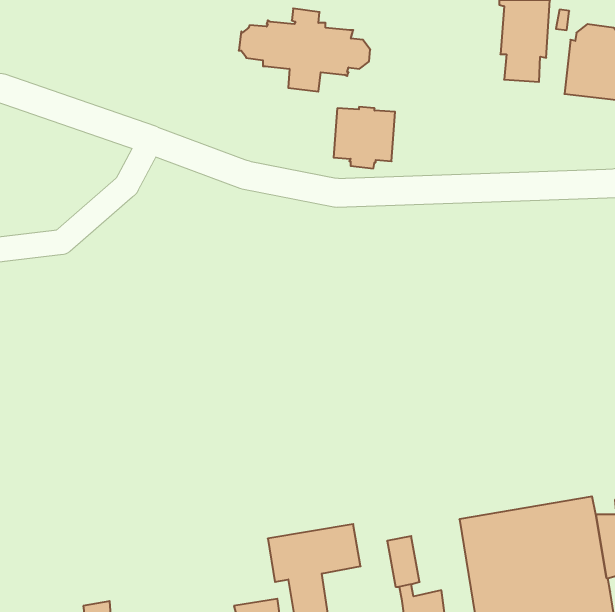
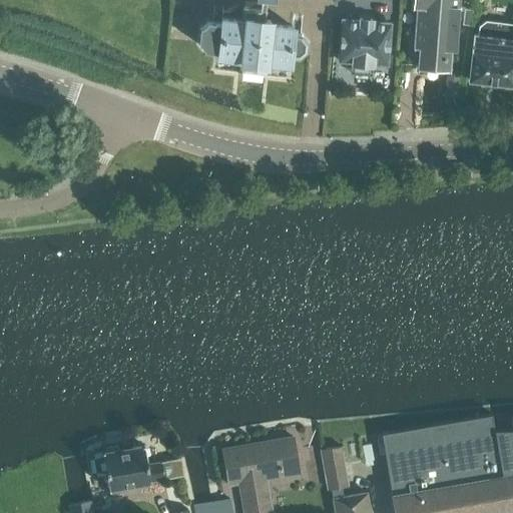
building: [334,107,395,168] -> [340,21,391,72]
building: none -> [95,447,165,492]

